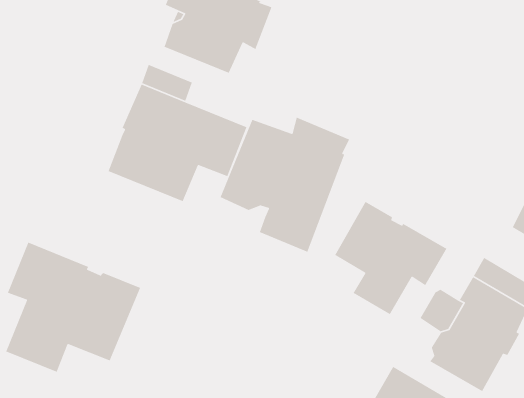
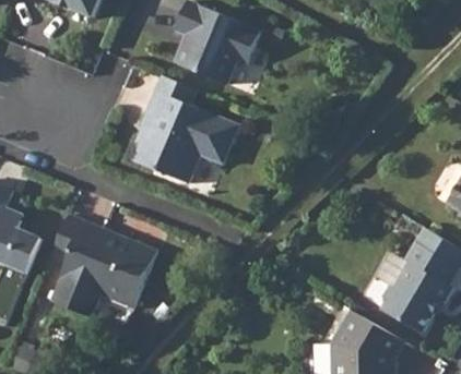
building: [219,116,350,253] -> none
building: [334,201,448,315] -> none

